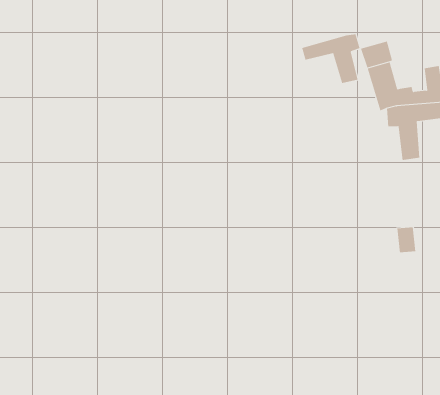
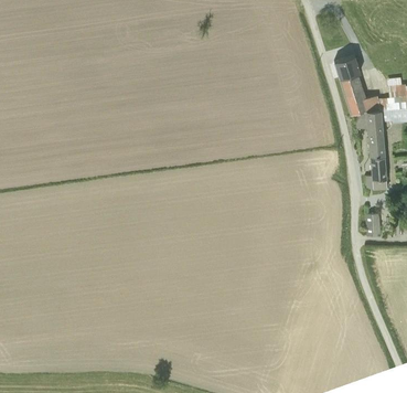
building: [301,34,360,84] -> none
building: none -> [365,155,387,190]

